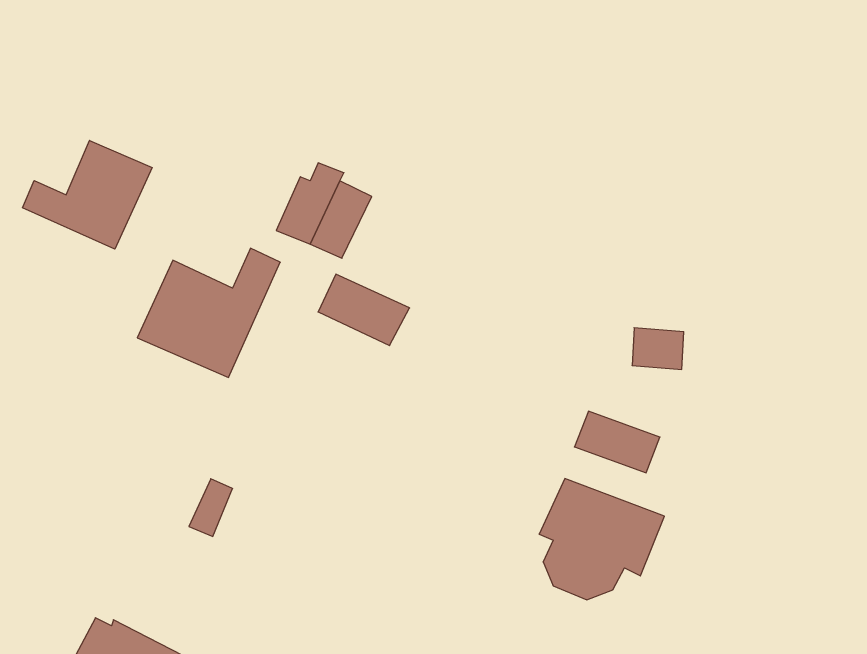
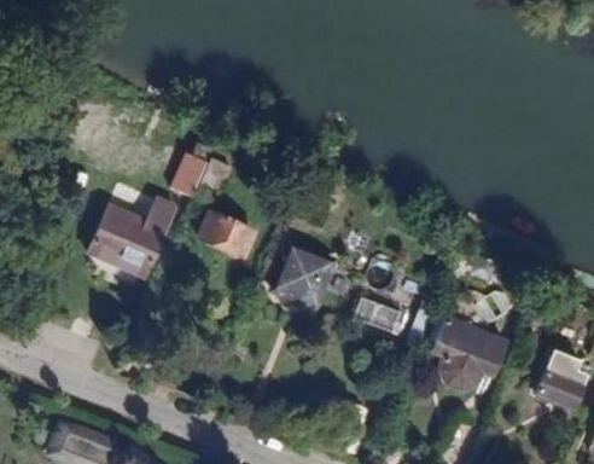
building: [23,140,152,249] -> none
building: none -> [273,249,327,304]
building: [539,479,664,600] -> [433,317,509,390]

